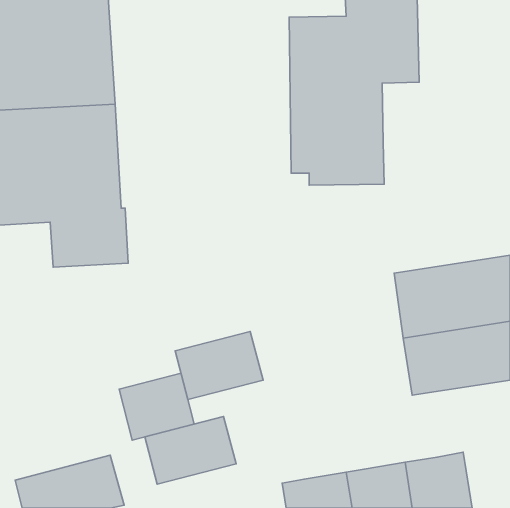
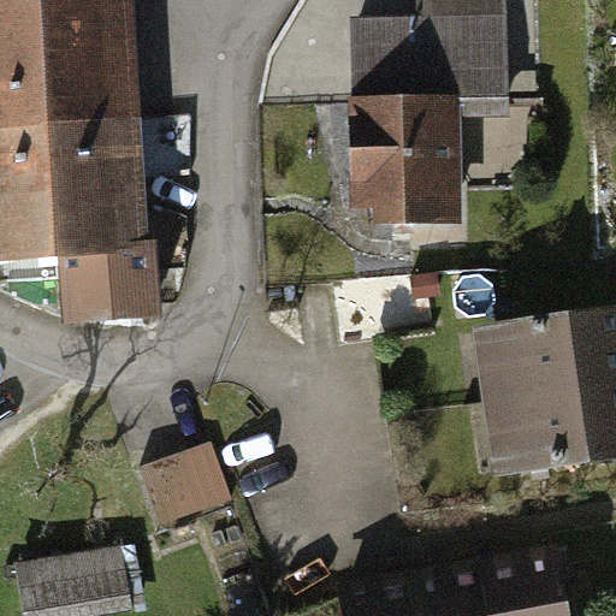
building: [175,331,263,400] -> none
building: [145,416,236,484] -> none

